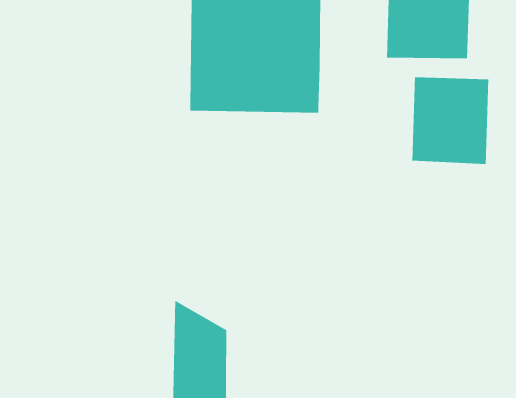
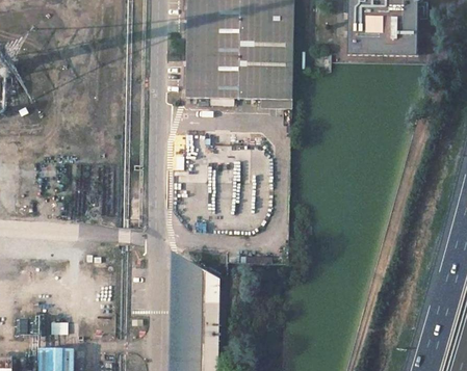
building: [412,77,489,165] -> none

